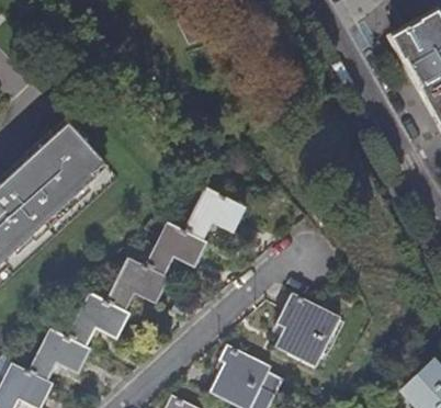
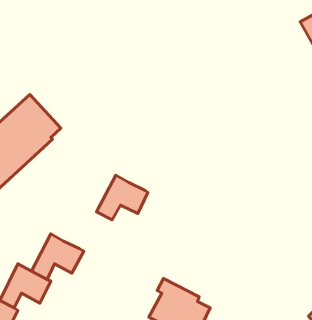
building: [184,186,246,240] -> none
building: [106,257,169,309] -> none
building: [274,293,339,367] -> none

